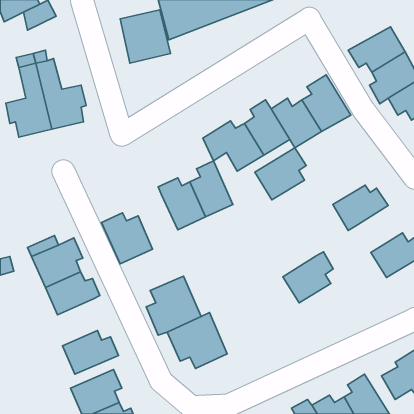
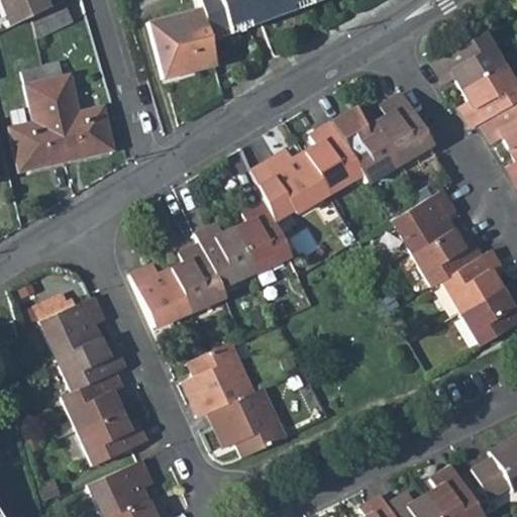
building: [255,148,306,200] -> [394,190,457,254]
building: none -> [173,242,225,310]
building: [283,252,333,303] -> [442,250,505,314]
building: none -> [64,372,127,430]

